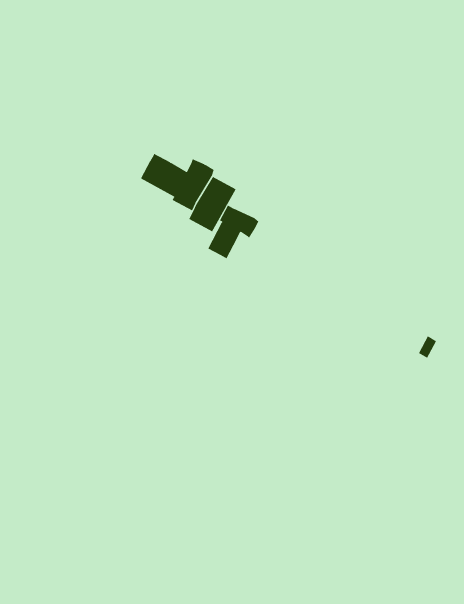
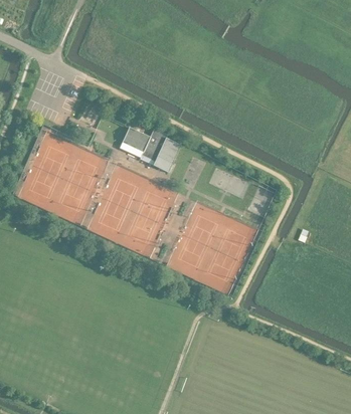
building: [208,204,259,259] -> none

